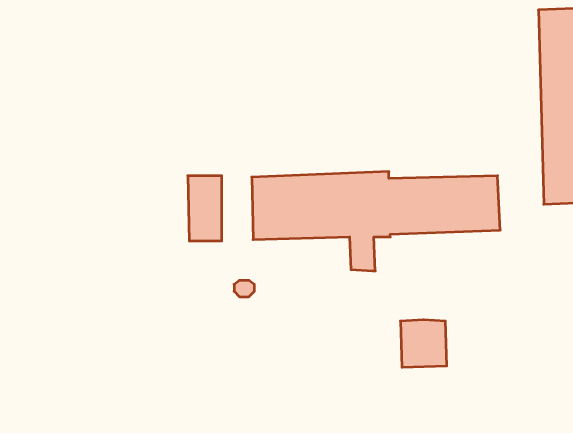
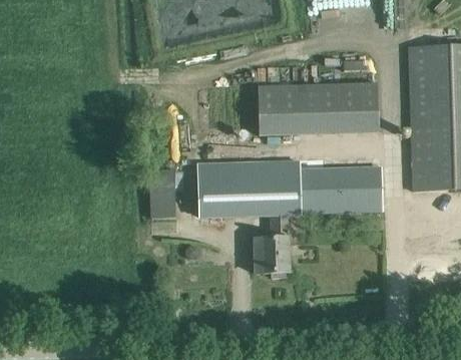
building: none -> [260,82,379,135]
building: [400,320,447,367] -> [255,238,289,273]

